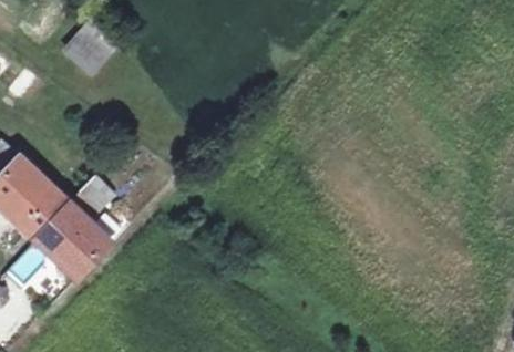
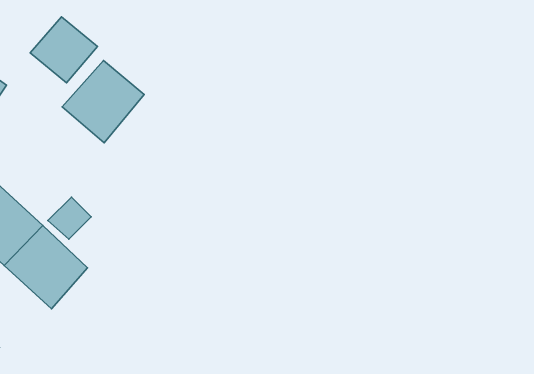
building: none -> [62,61,144,143]

